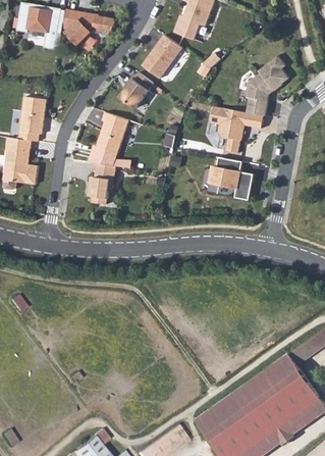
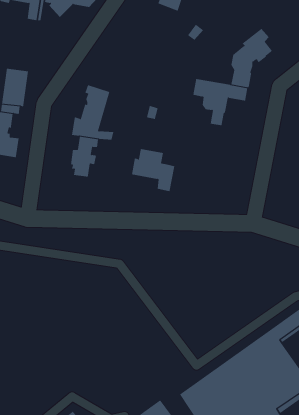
building: [141,35,181,79] -> none
building: [118,72,153,108] -> none
building: [209,157,253,200] -> [131,149,175,192]

